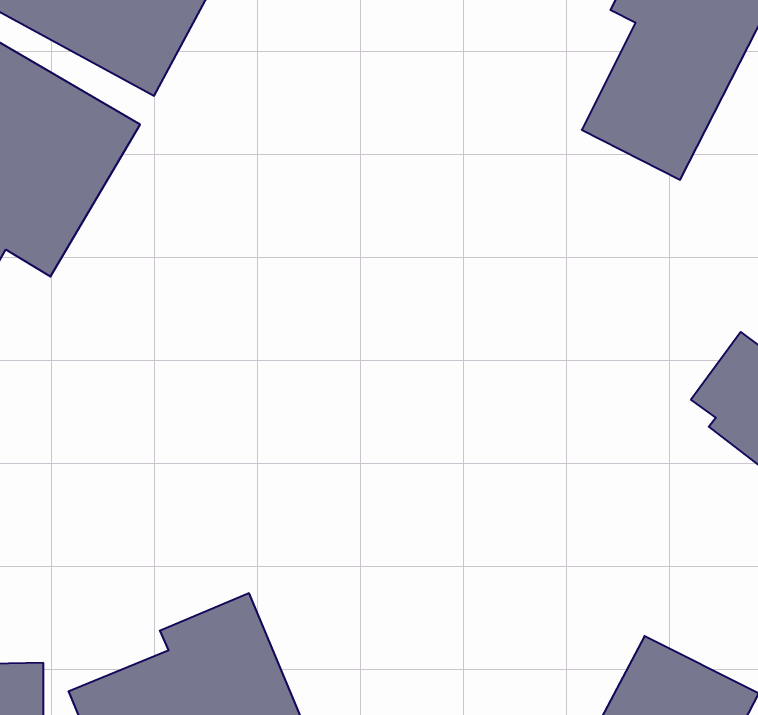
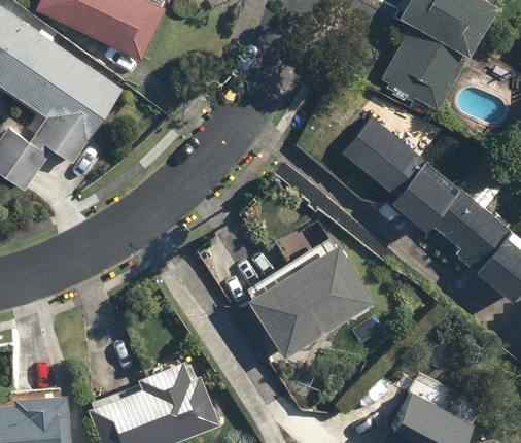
building: none -> [341,118,458,233]
building: none -> [249,239,380,359]

